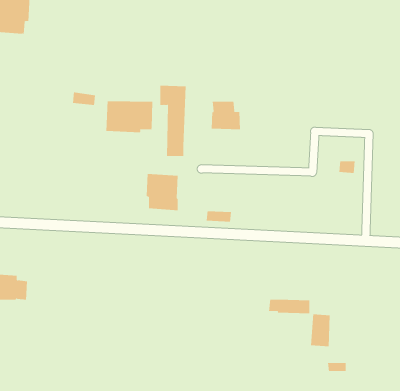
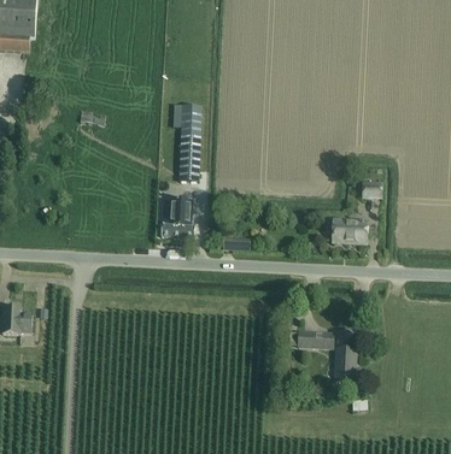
building: [106,100,153,133] -> none
building: [211,101,241,130] -> none
building: none -> [323,218,367,242]

